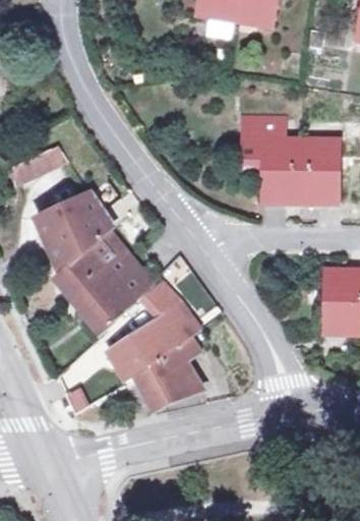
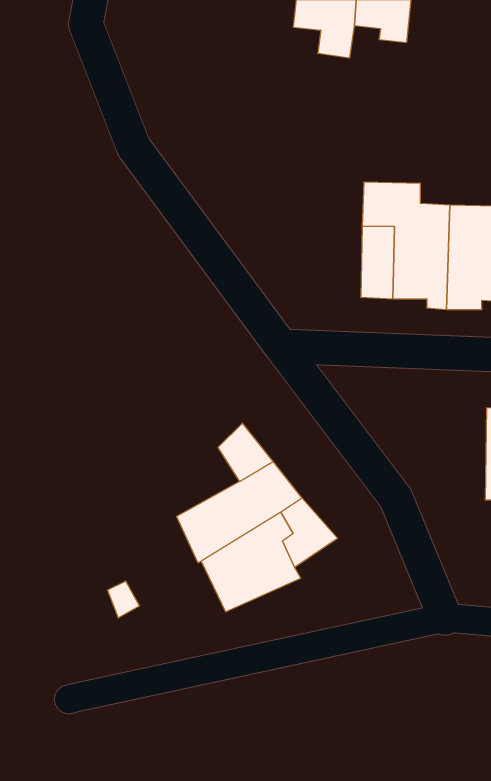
building: [13,142,72,184] -> none
building: [38,193,152,326] -> none

